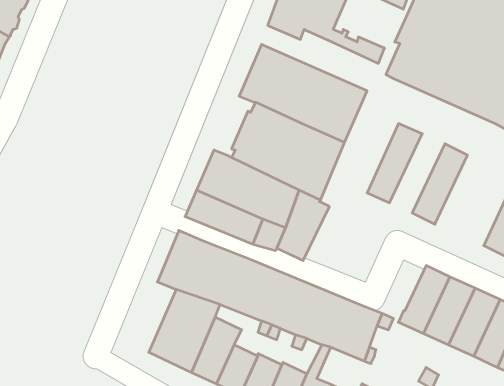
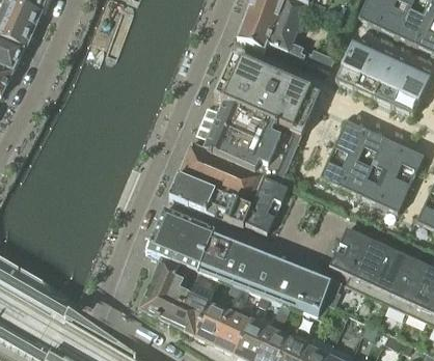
building: none -> [338,129,384,194]
building: none -> [376,146,424,213]
building: none -> [329,228,369,275]

